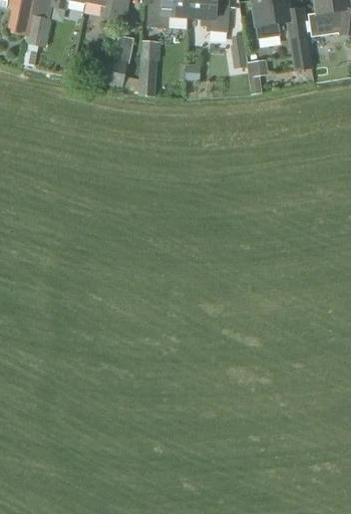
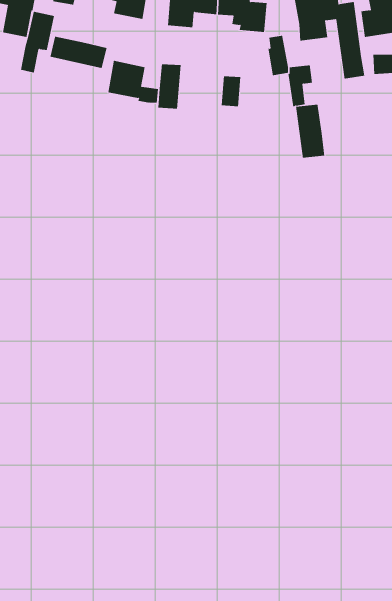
building: none -> [50,36,107,69]
building: none -> [296,104,325,158]

